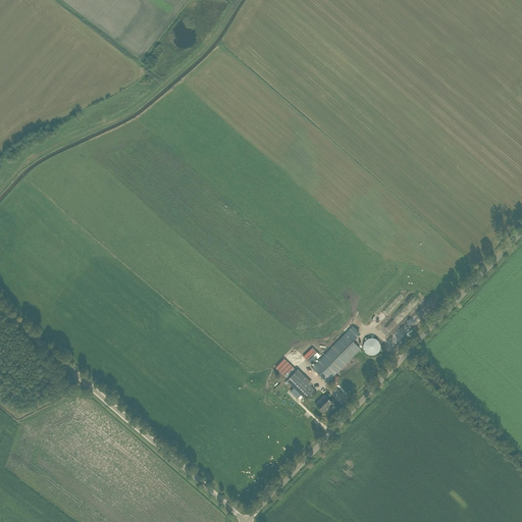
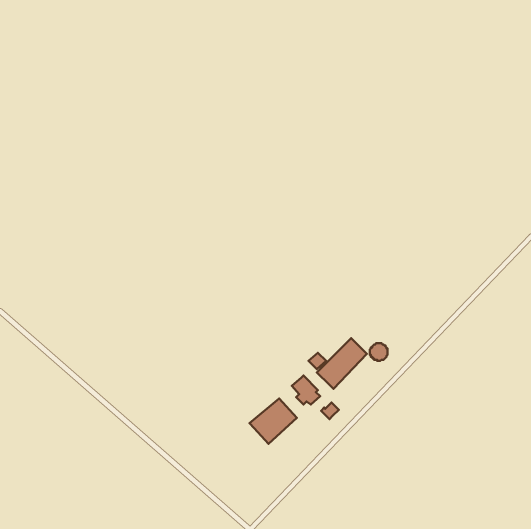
building: none -> [250,399,297,444]

